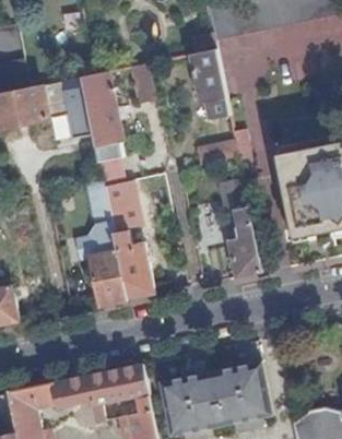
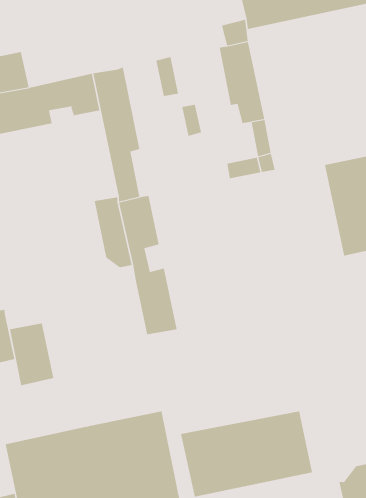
building: [221,179,261,277] -> none
building: [91,252,129,306] -> [9,323,54,386]

